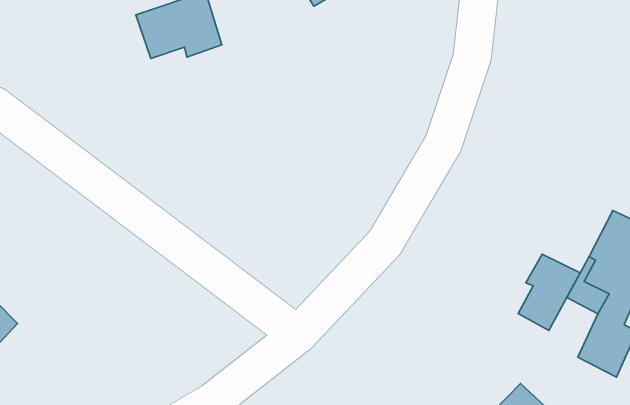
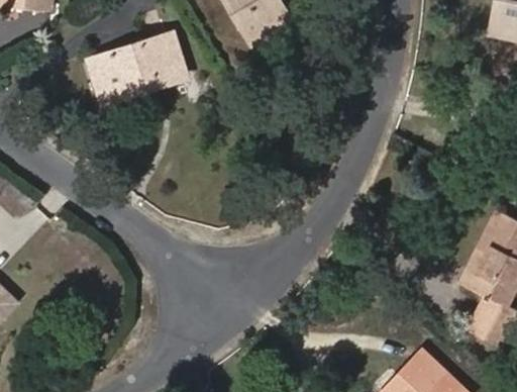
building: none -> [88,52,152,102]
building: [518,254,580,330] -> none

